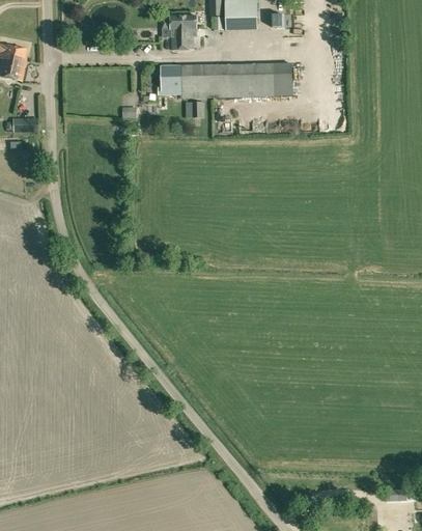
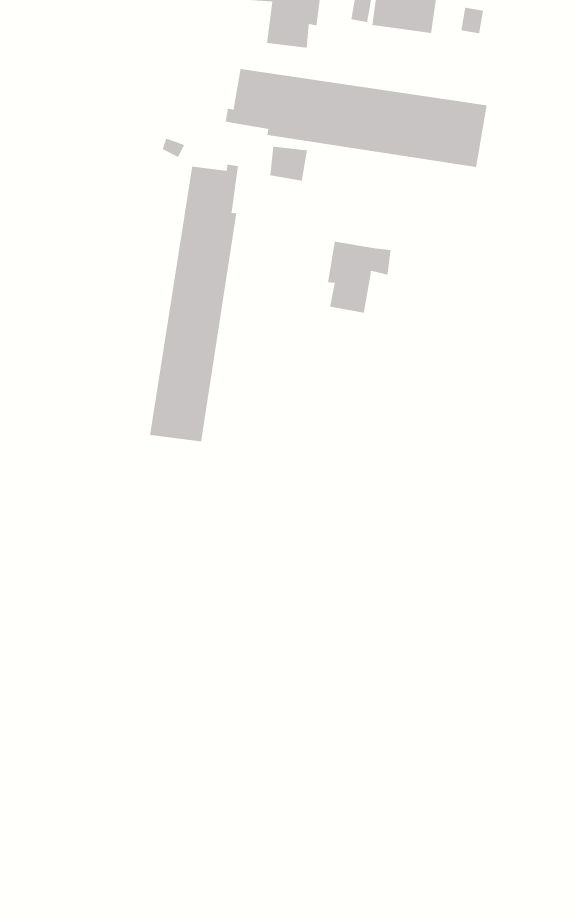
building: none -> [149,164,239,442]
building: none -> [328,241,391,313]

